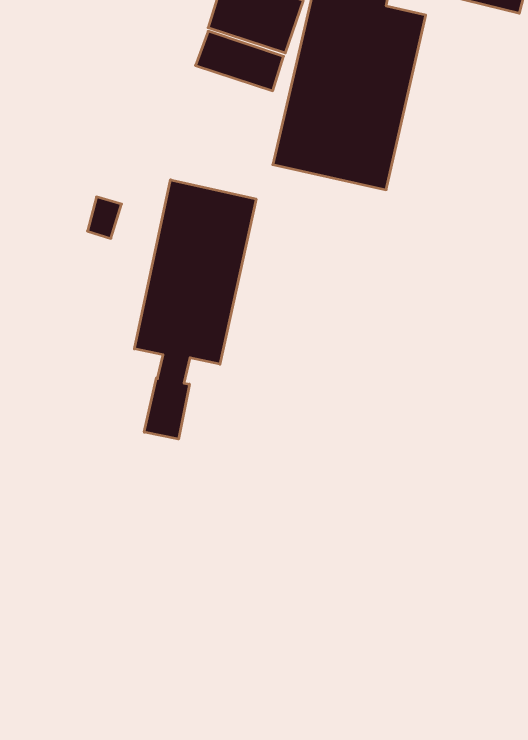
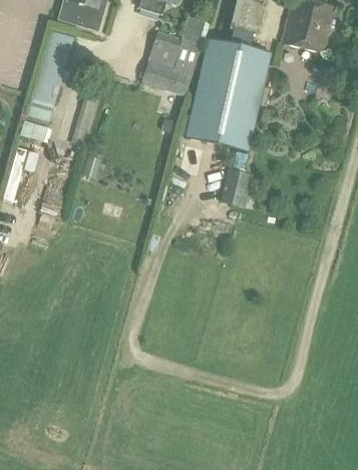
building: [134,180,256,439] -> none
building: none -> [221,168,253,205]

